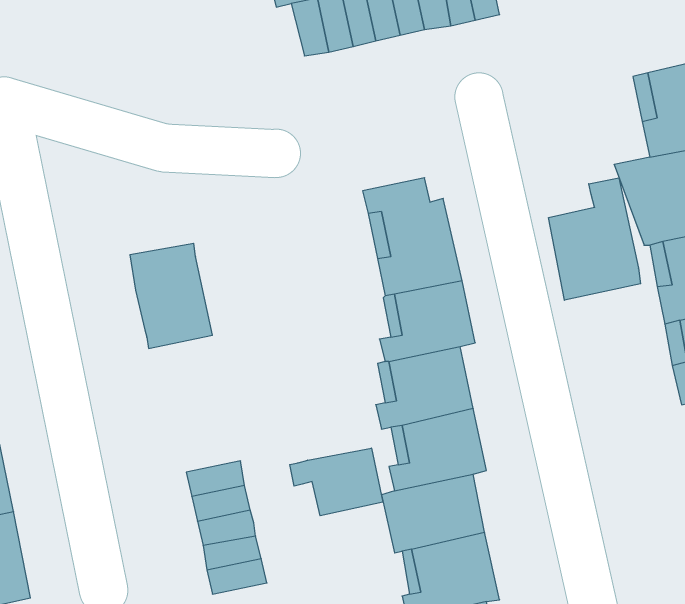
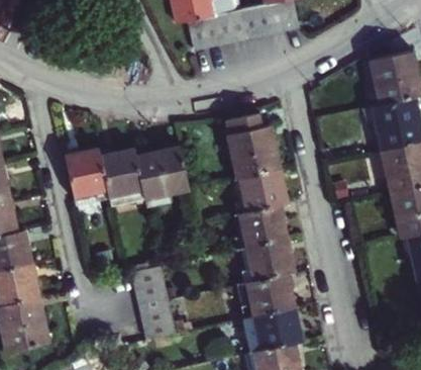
building: [549,178,641,300] -> none
building: none -> [137,148,192,207]
building: none -> [66,149,111,207]
building: [290,448,383,516] -> none

